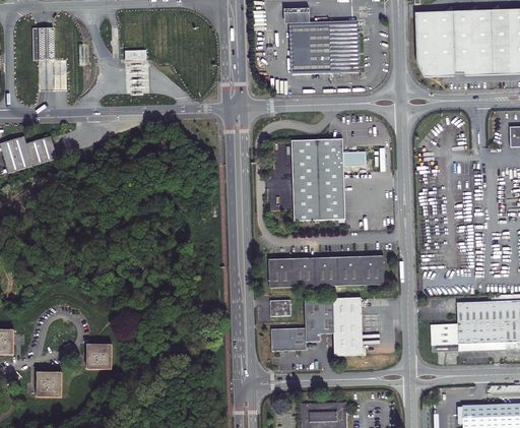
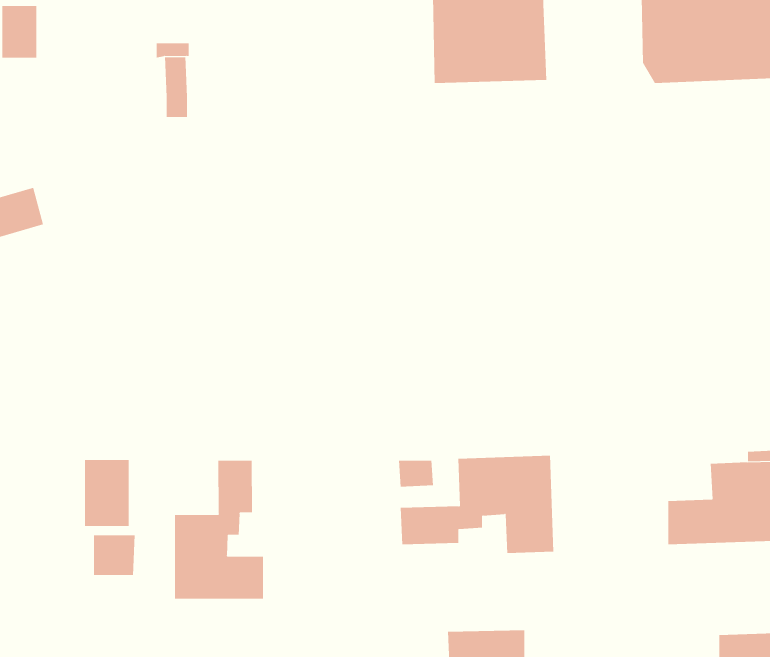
building: [291,139,366,221] -> none
building: [269,255,384,288] -> none
building: none -> [84,459,129,527]
building: none -> [175,460,263,600]
building: [38,372,62,396] -> none

